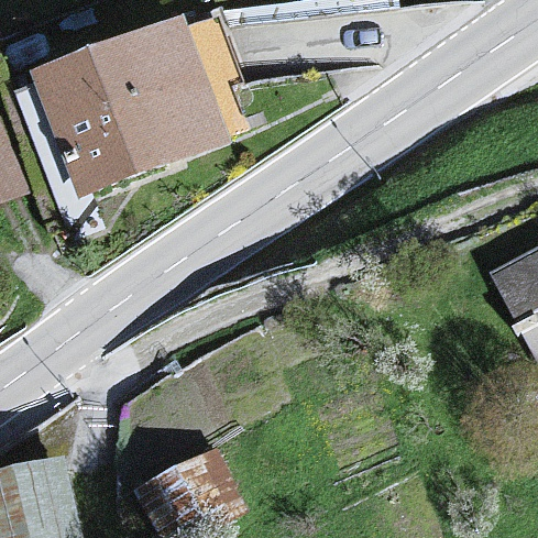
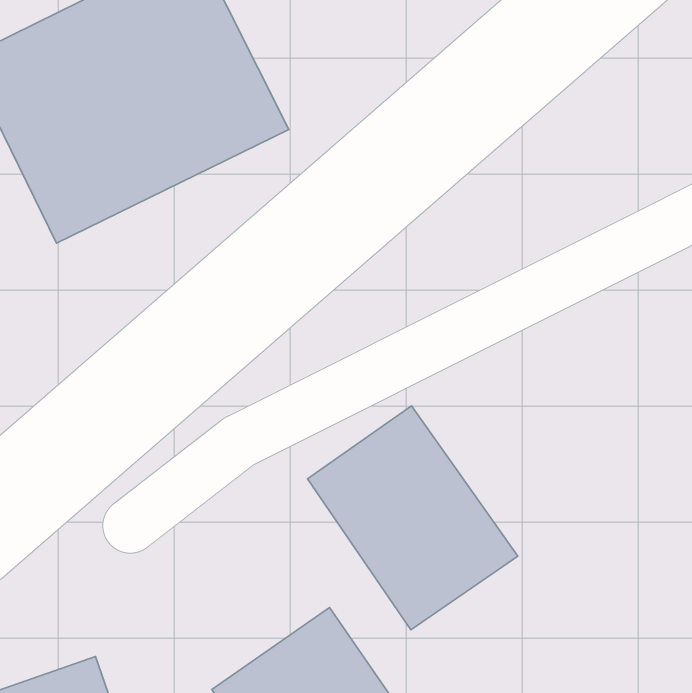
building: none -> [307,406,518,630]

